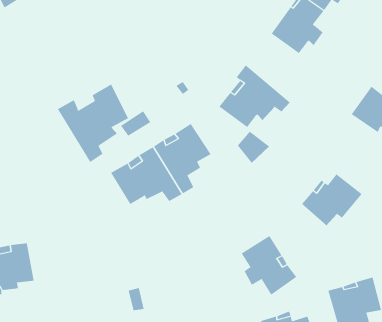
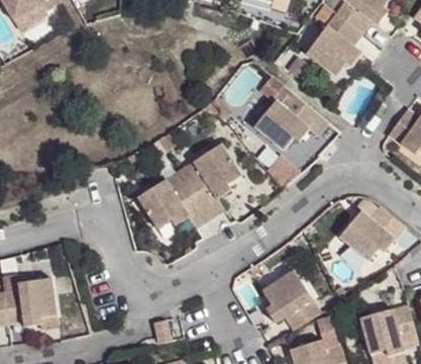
building: [57,84,129,163] -> none

